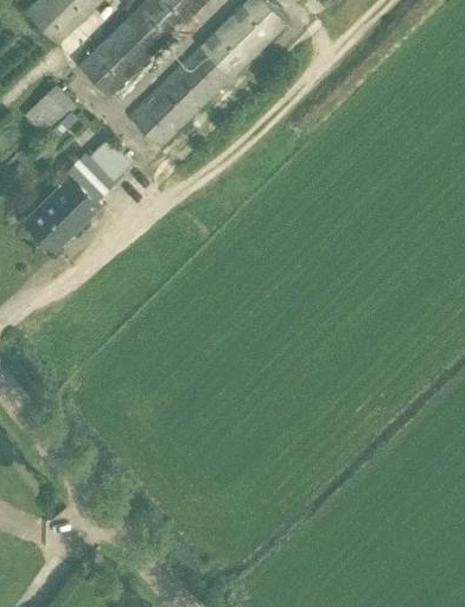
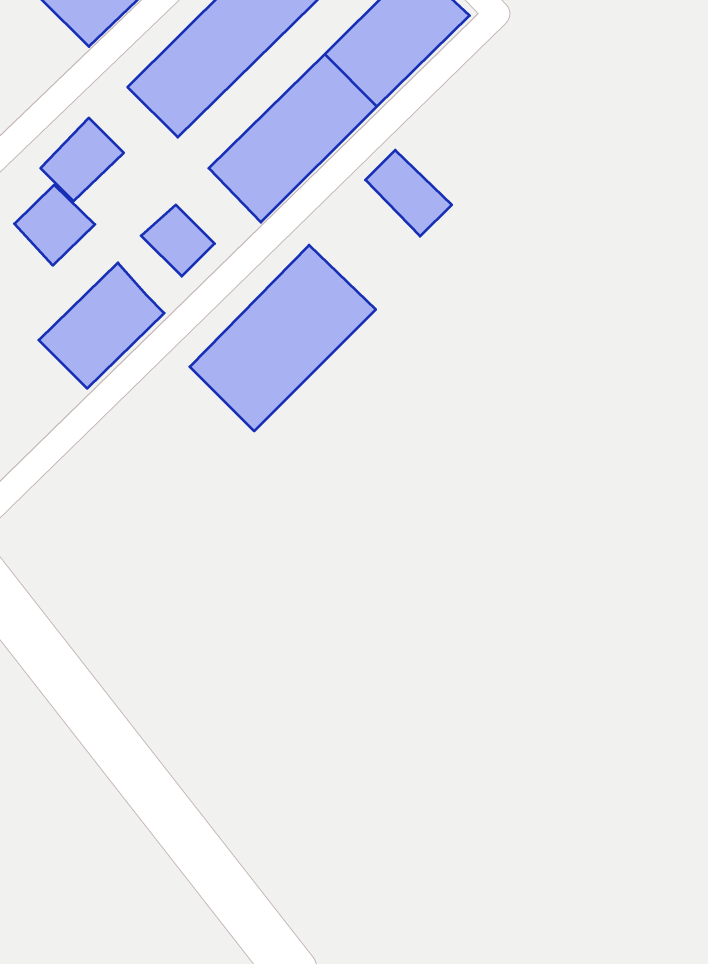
building: none -> [365,150,452,236]
building: none -> [14,185,95,265]
building: none -> [190,245,376,431]

